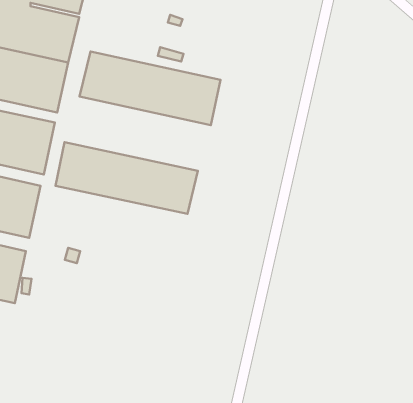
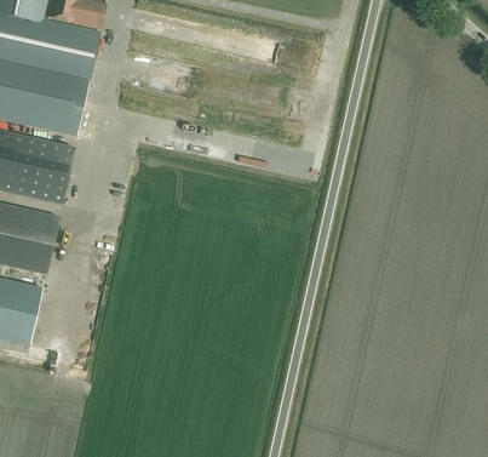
building: [79,51,221,125] -> none
building: [56,142,198,214] -> none

